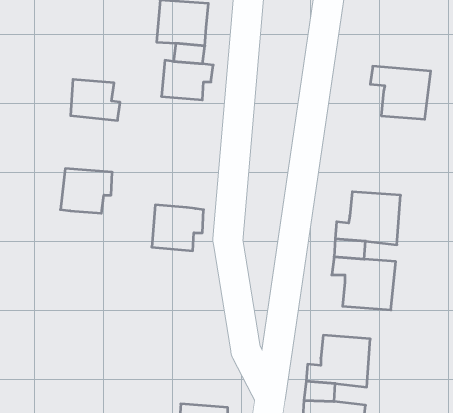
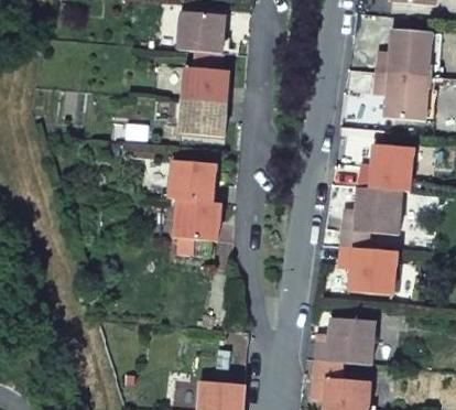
building: none -> [376,30,431,76]
building: [71,79,120,120] -> [181,99,226,137]
building: none -> [357,143,412,191]
building: [60,169,112,213] -> [169,160,216,201]

